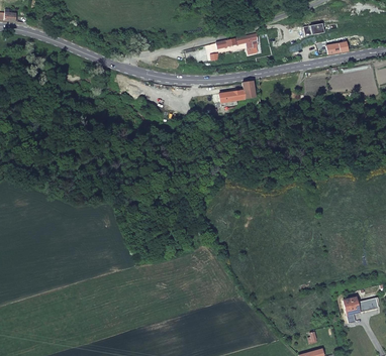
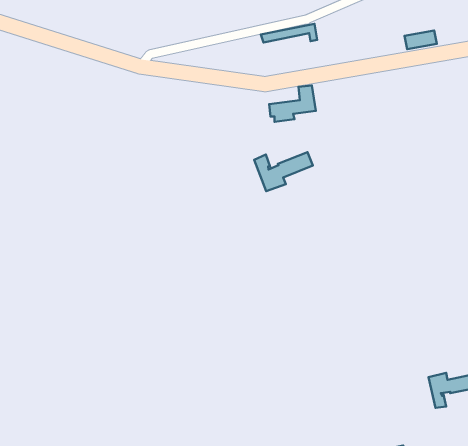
building: none -> [254,152,313,191]

